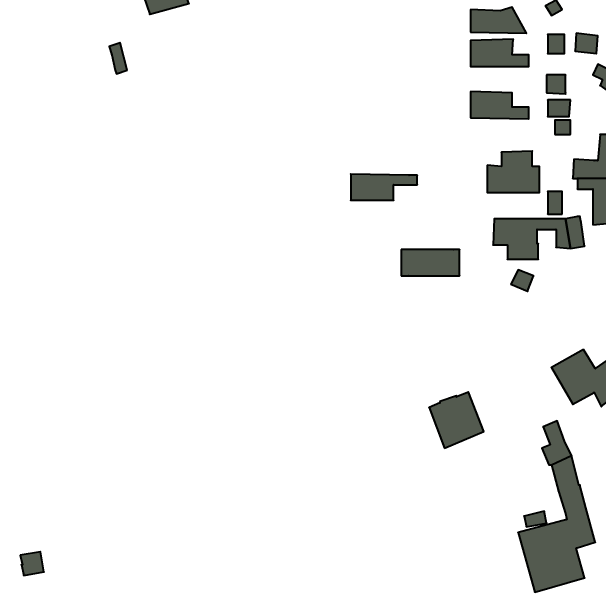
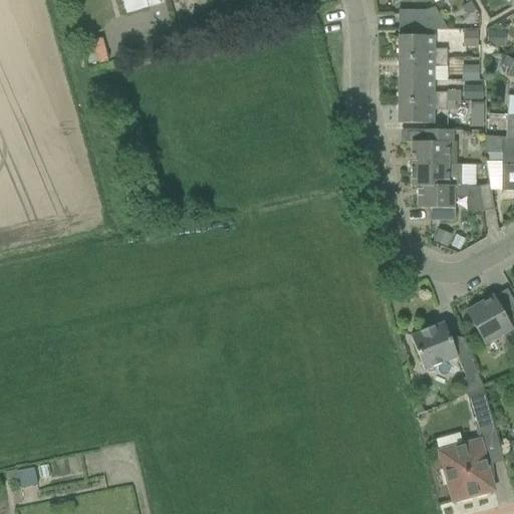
building: none -> [399,56,457,78]
building: [351,174,417,200] -> [399,99,455,121]
building: [401,250,460,276] -> [413,163,462,185]
building: [429,392,484,448] -> [412,321,458,368]

